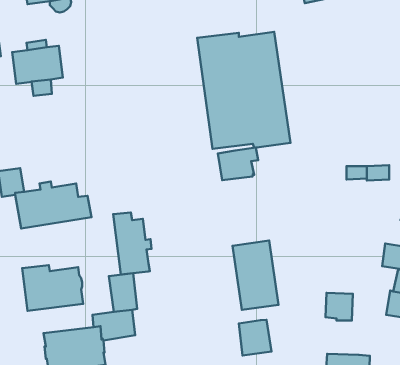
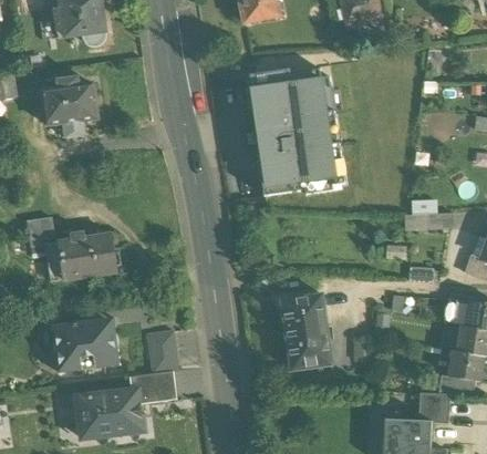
building: [218,148,258,180] -> none
building: [113,213,151,274] -> none
building: [325,293,353,320] -> [418,392,448,422]
building: [239,320,272,356] -> none

